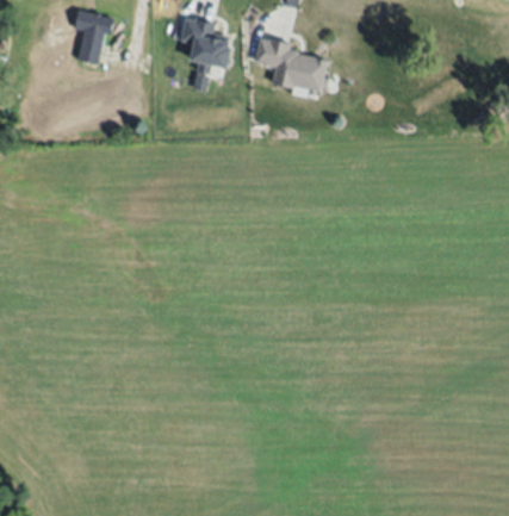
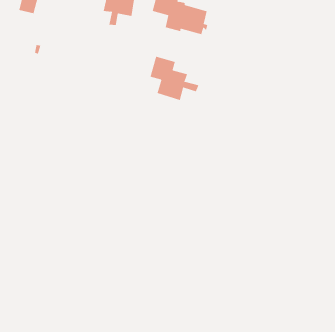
building: none -> [150,56,199,101]

